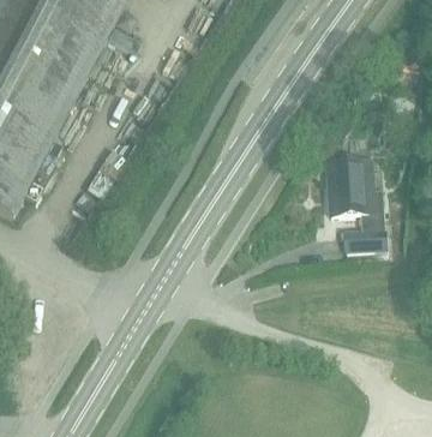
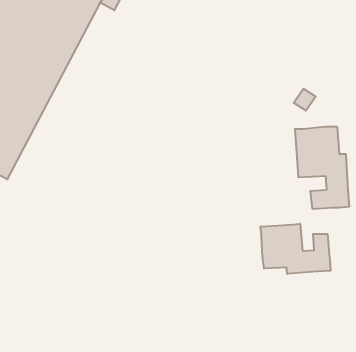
building: none -> [261,224,330,274]

